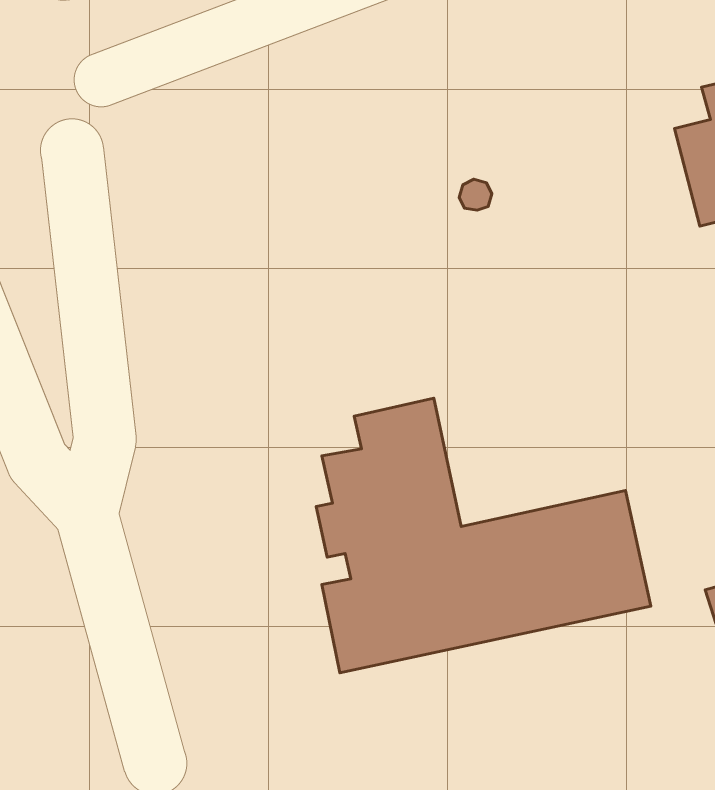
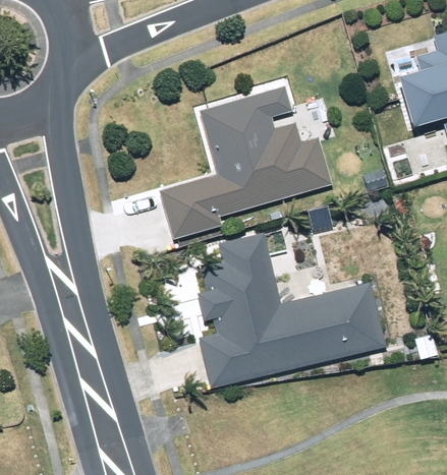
building: none -> [160,107,332,240]

